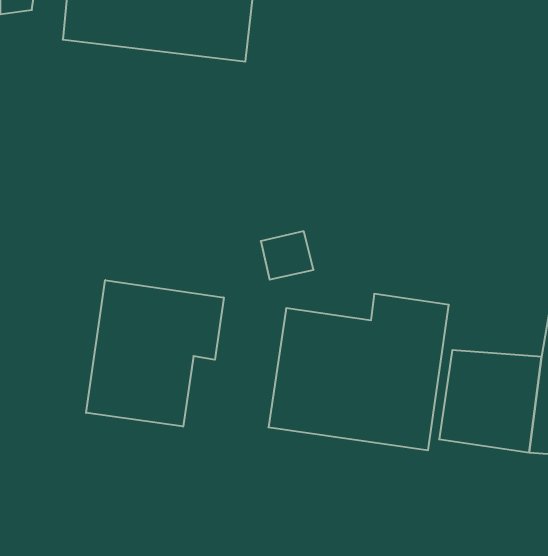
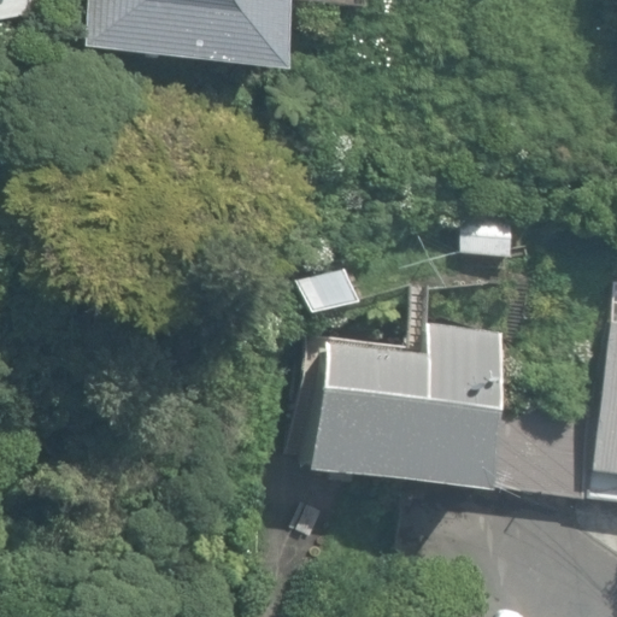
building: [86,280,224,427] -> none

